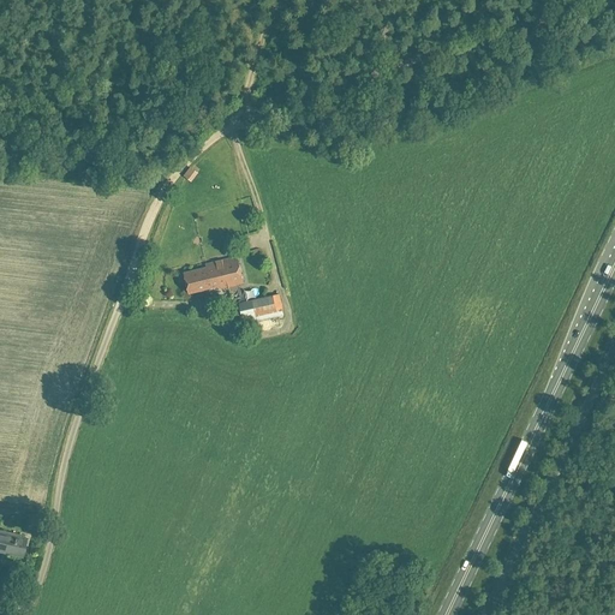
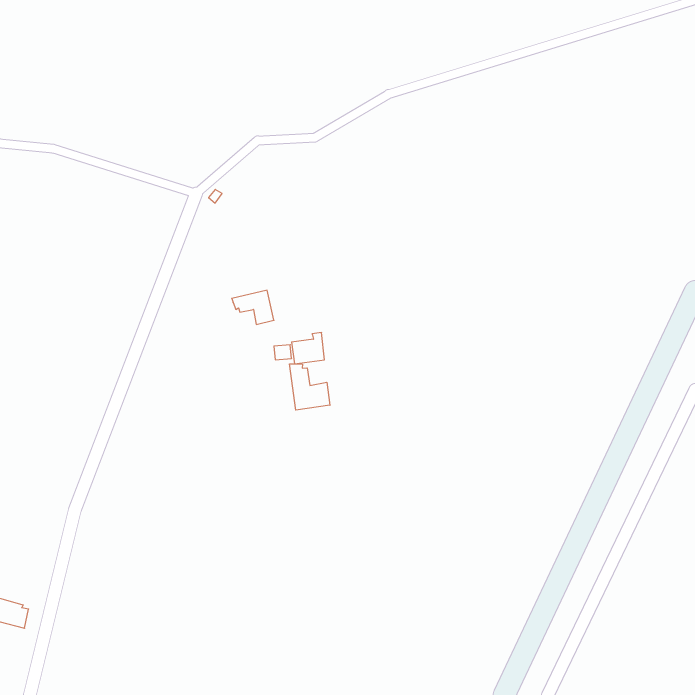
building: [183,267,226,292] -> none
building: none -> [290,364,330,410]

